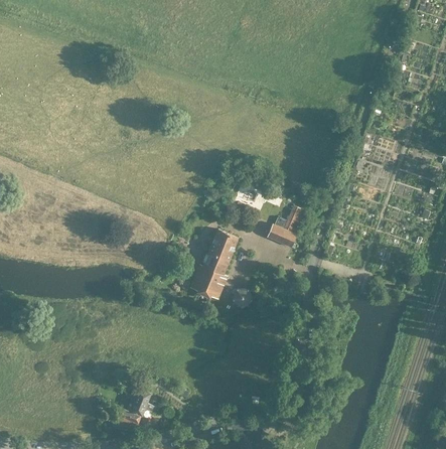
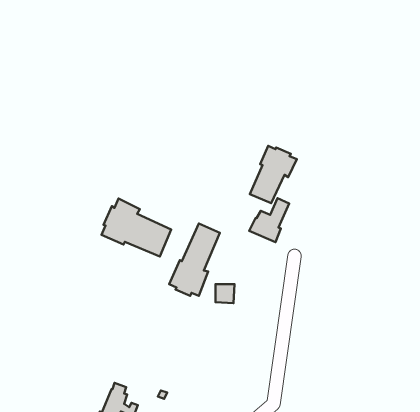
building: none -> [250,146,297,203]
building: none -> [101,198,171,257]

